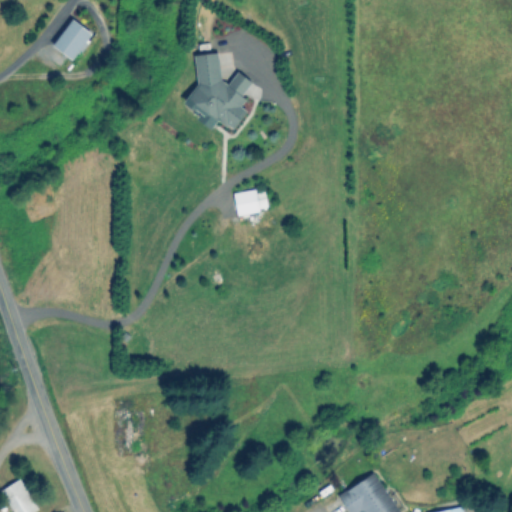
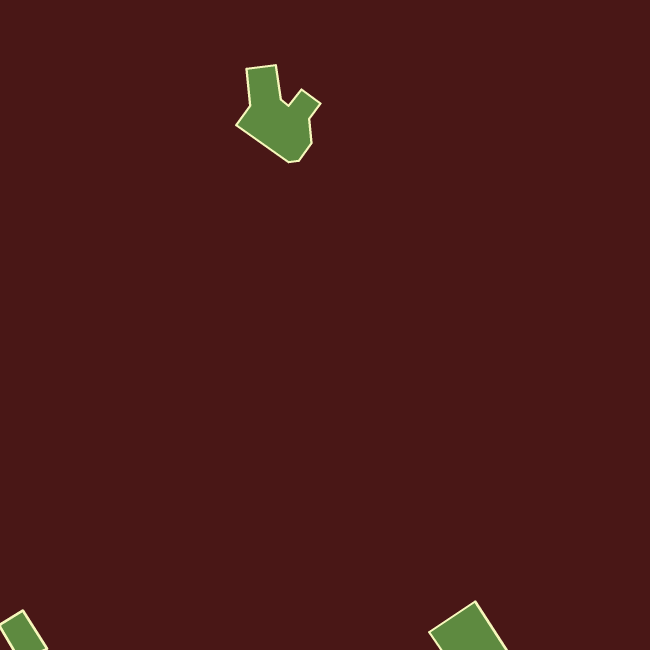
building: [53,20,93,62] -> none
building: [234,190,268,216] -> none

